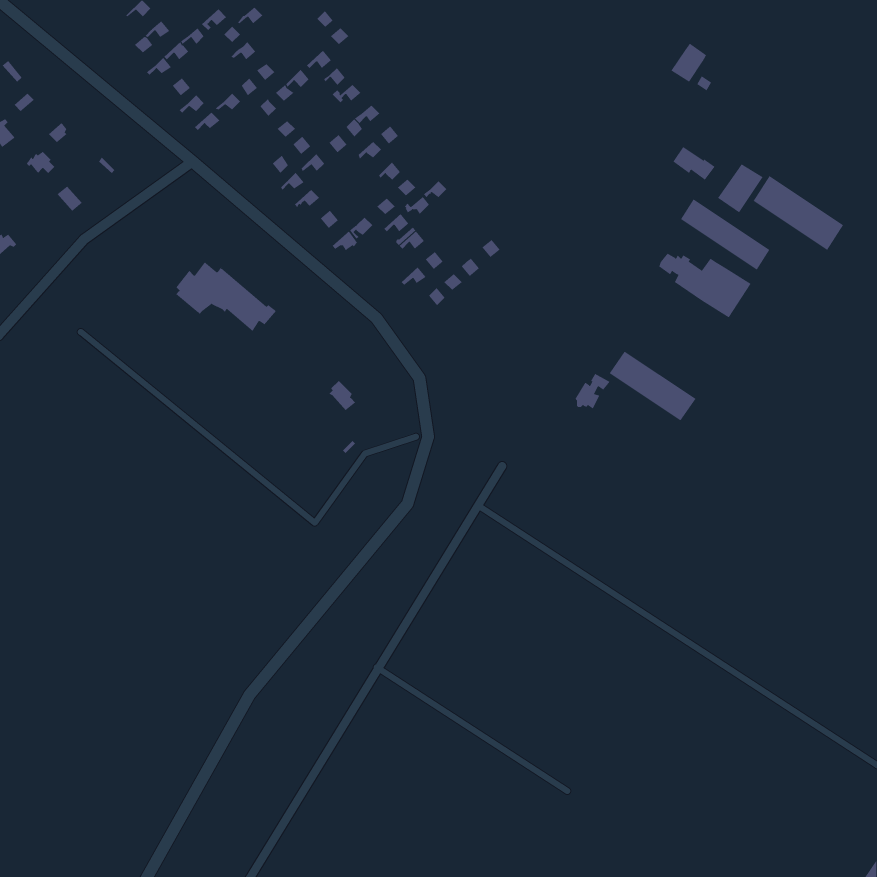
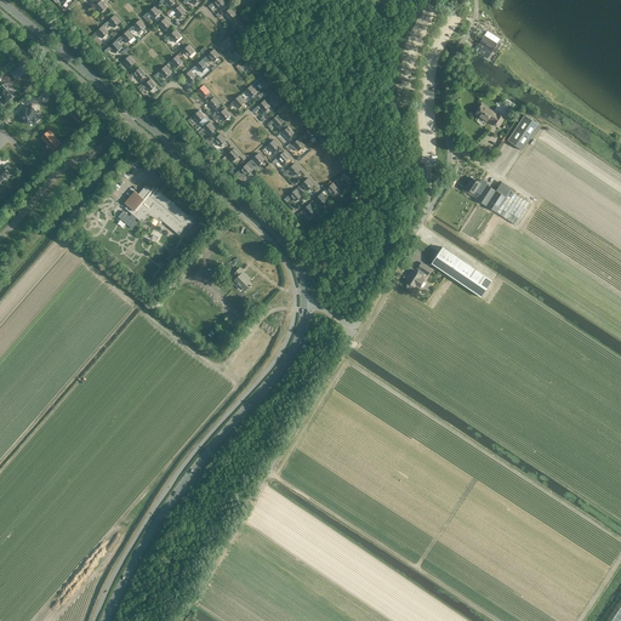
building: [753,175,844,251] -> none
building: [680,199,770,270] -> none

